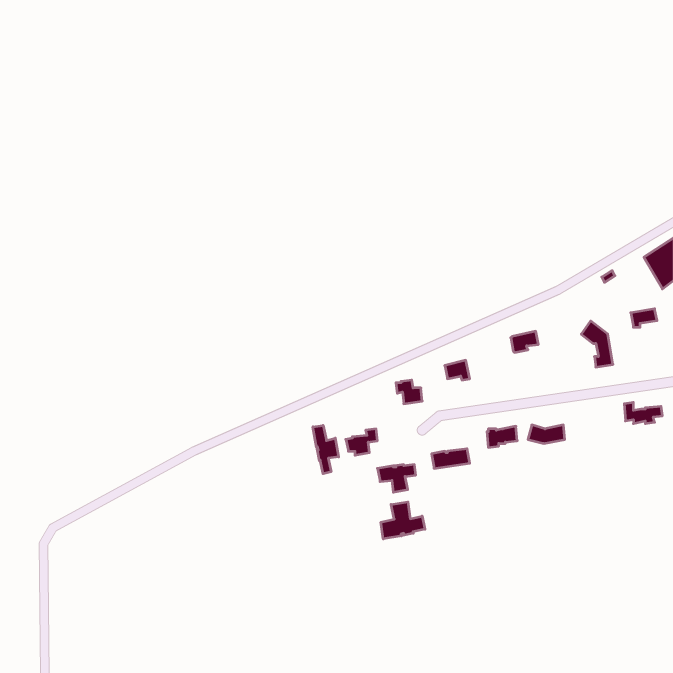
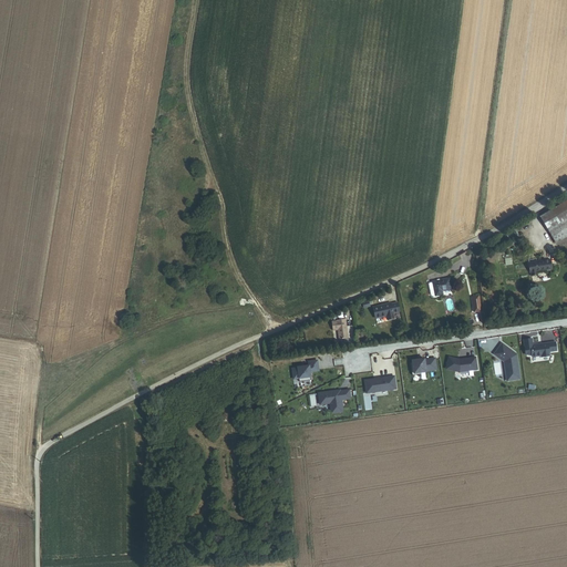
building: [581,321,613,367] -> [492,342,518,381]
building: [313,425,339,474] -> none
building: [381,502,425,539] -> none

